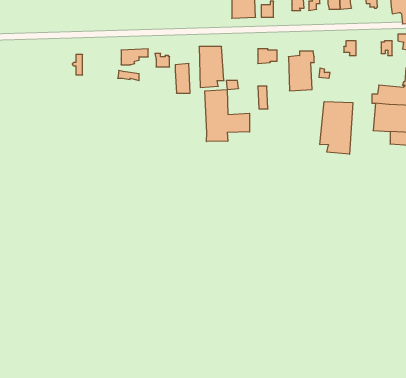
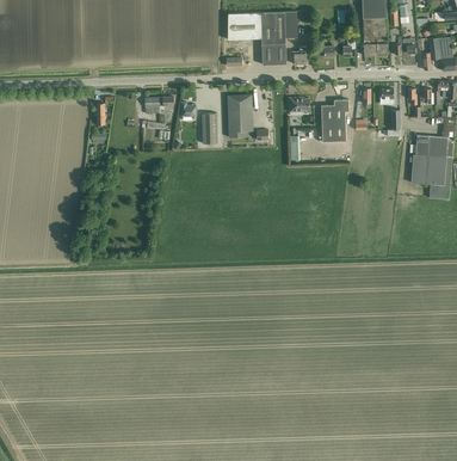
building: [205,90,250,142] -> none
building: [320,102,353,154] -> none

